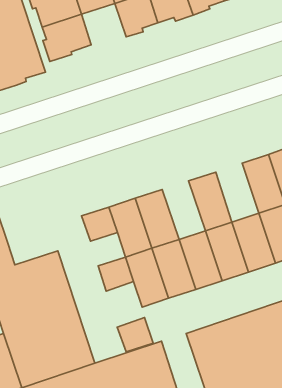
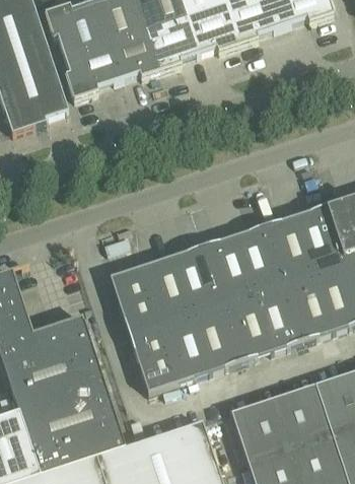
building: none -> [110,29,161,77]
building: none -> [265,214,314,282]
building: none -> [203,234,253,302]
building: none -> [120,294,160,333]
building: [117,318,153,352] -> [138,351,180,391]

